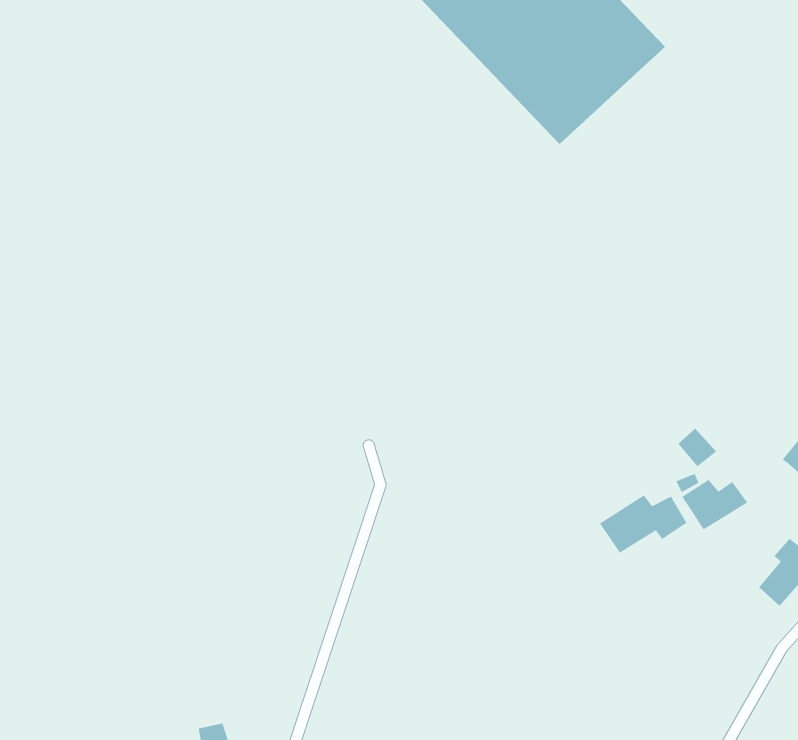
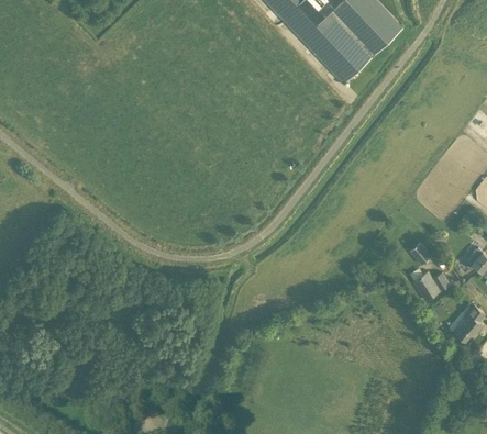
building: [599,494,687,554] -> none

